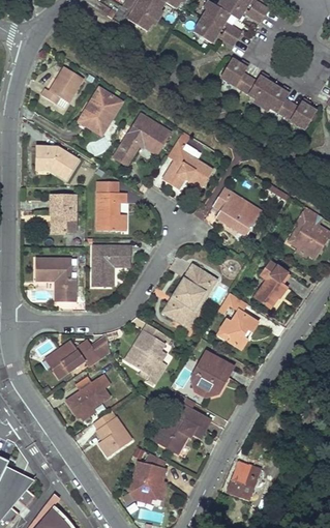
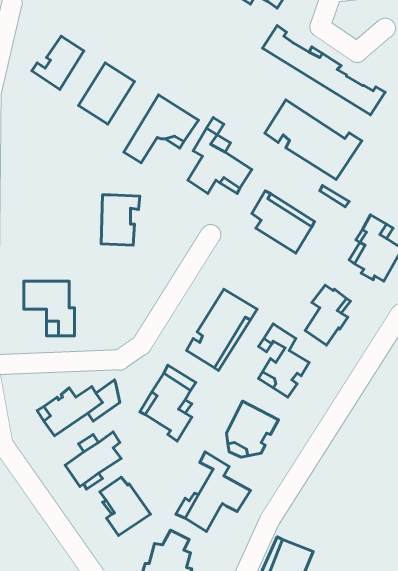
building: none -> [265,100,362,180]
building: [37,146,79,178] -> none
building: [50,195,74,232] -> none
building: [92,243,130,285] -> none

